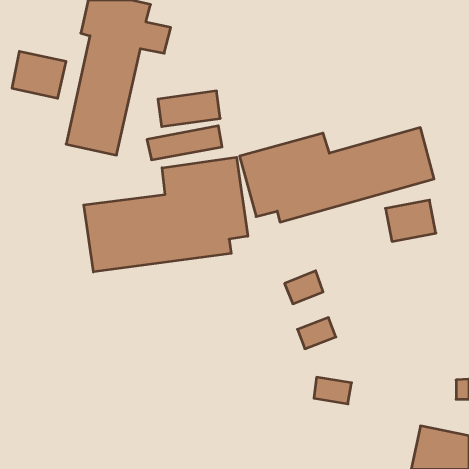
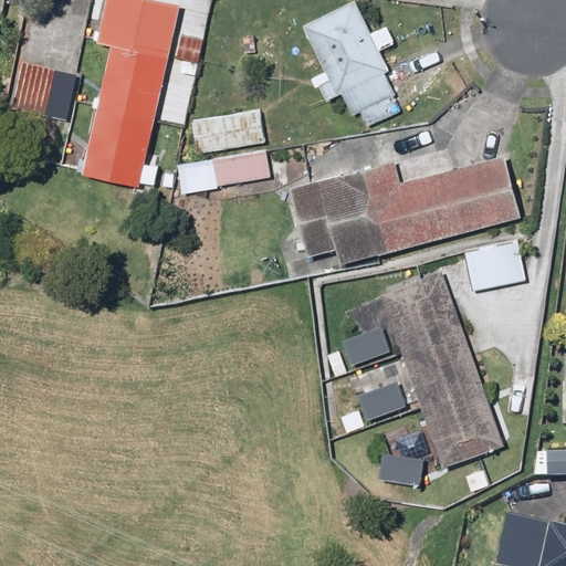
building: none -> [305,4,400,125]
building: [84,157,248,272] -> none
building: none -> [380,272,504,469]

